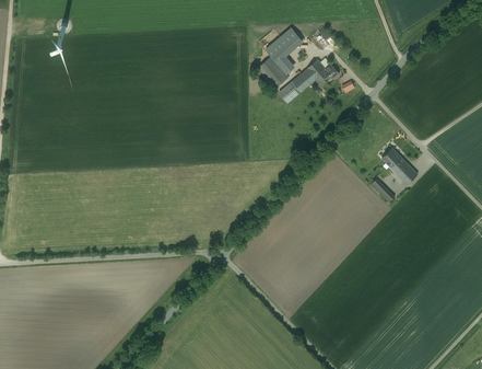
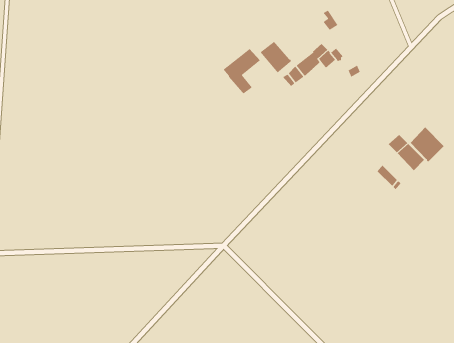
building: [266,28,303,74] -> [222,48,261,95]
building: none -> [410,126,445,162]

